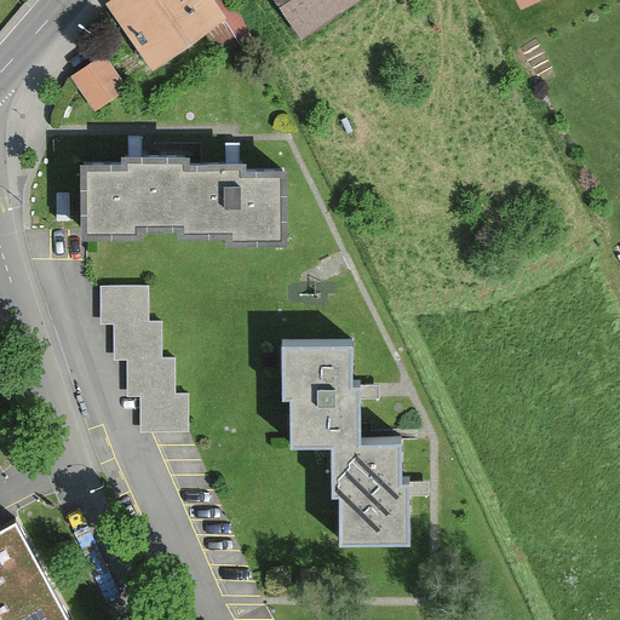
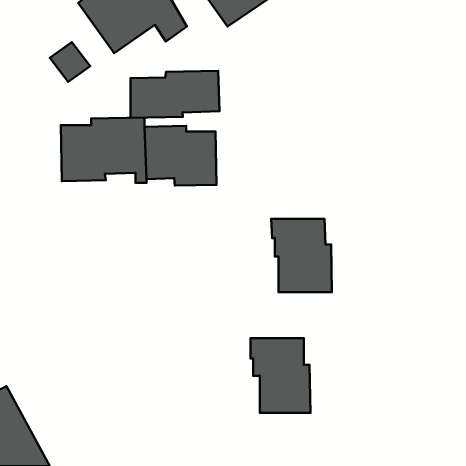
building: none -> [131,71,220,118]
building: [90,283,197,427] -> none
building: [280,349,360,446] -> [271,219,332,292]

